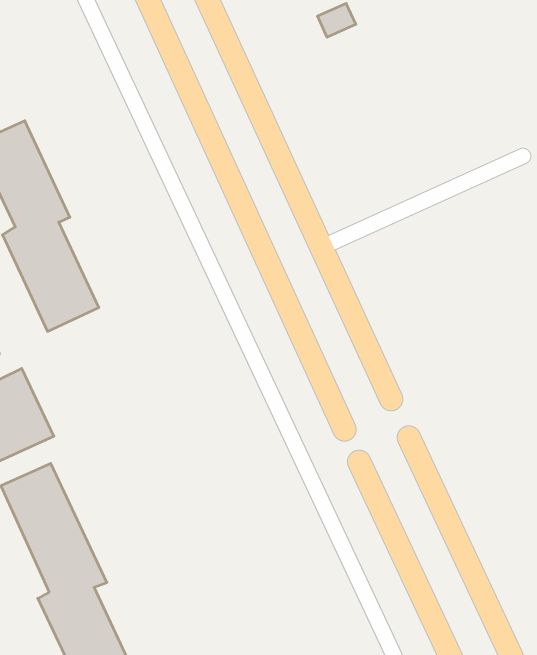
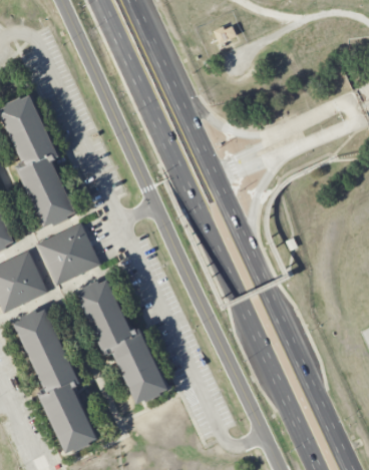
building: none -> [37,223,99,285]
building: none -> [75,281,166,404]

